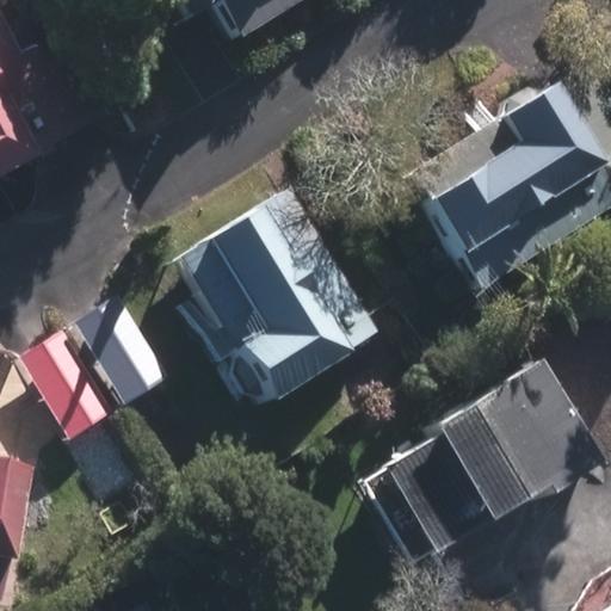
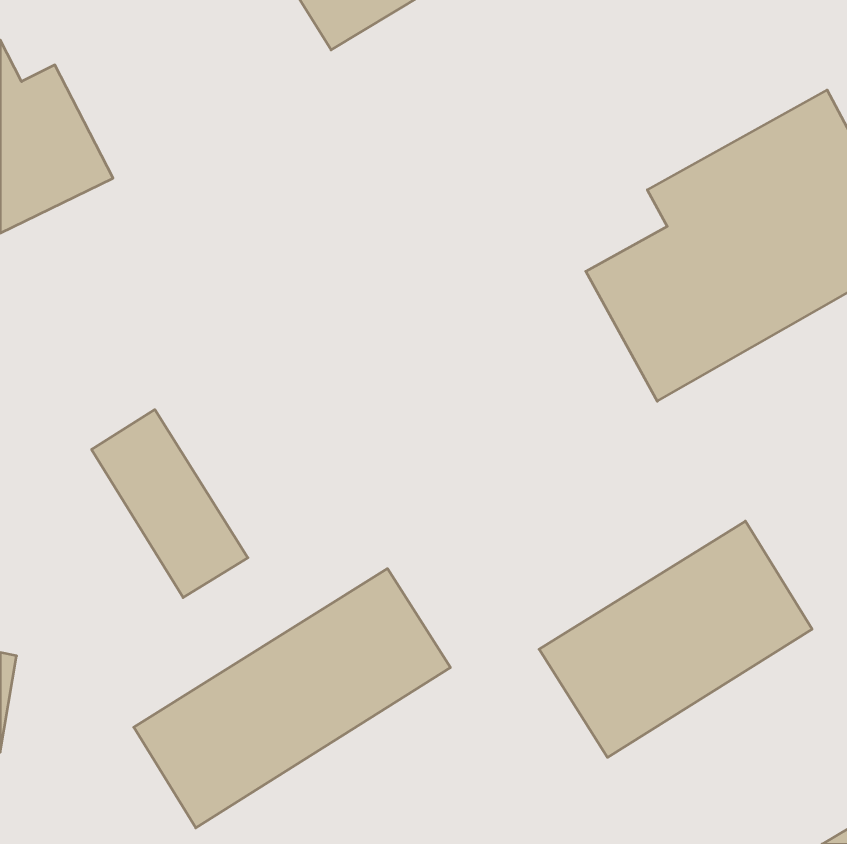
building: [175,196,372,402] -> none
building: none -> [134,569,450,828]

